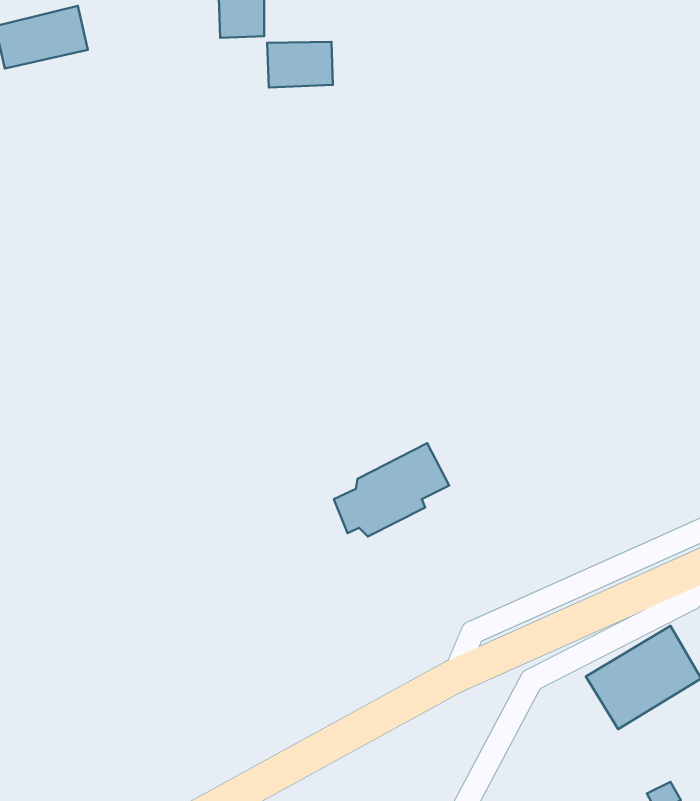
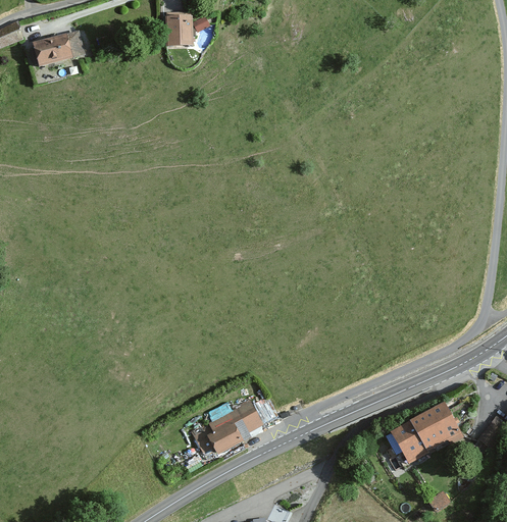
building: [267,42,333,87] -> none
building: [334,443,449,536] -> [200,399,269,455]

